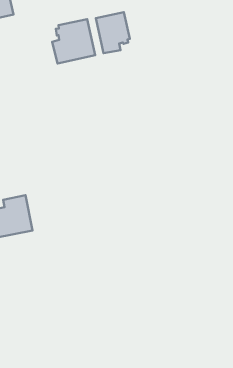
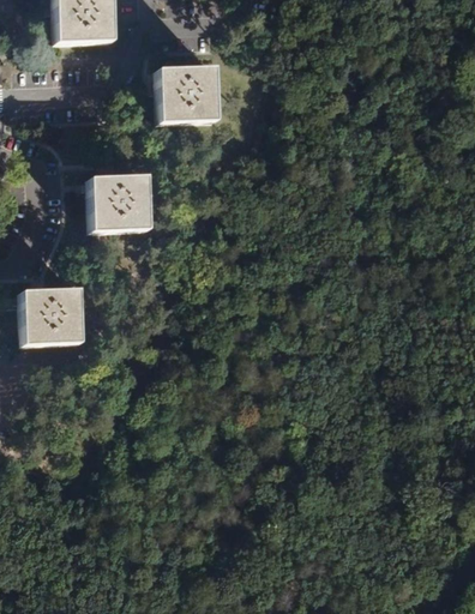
building: [96,12,130,53] -> none
building: none -> [92,175,150,230]

